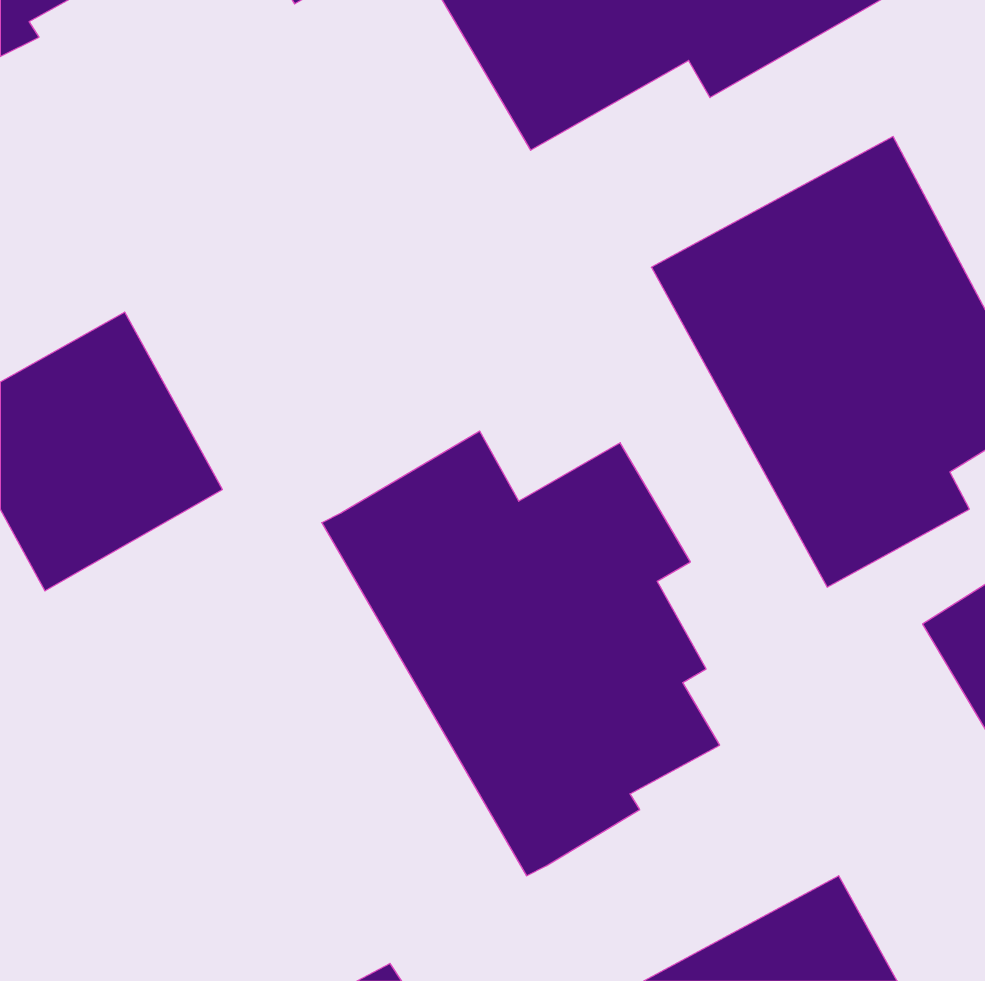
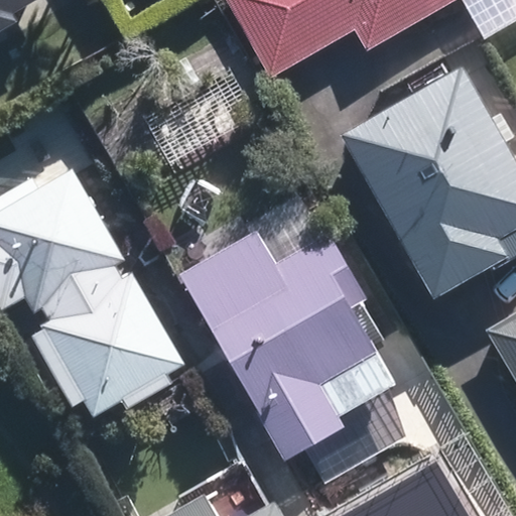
building: none -> [36,267,179,411]

